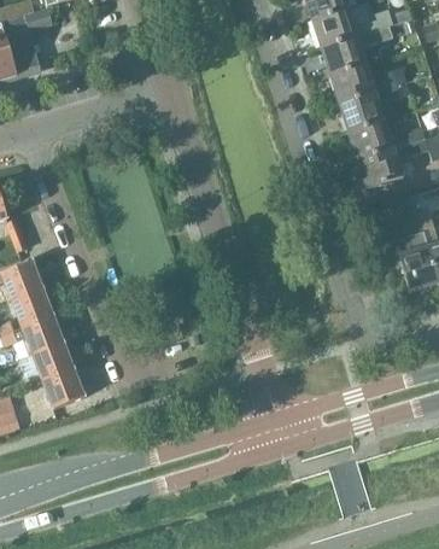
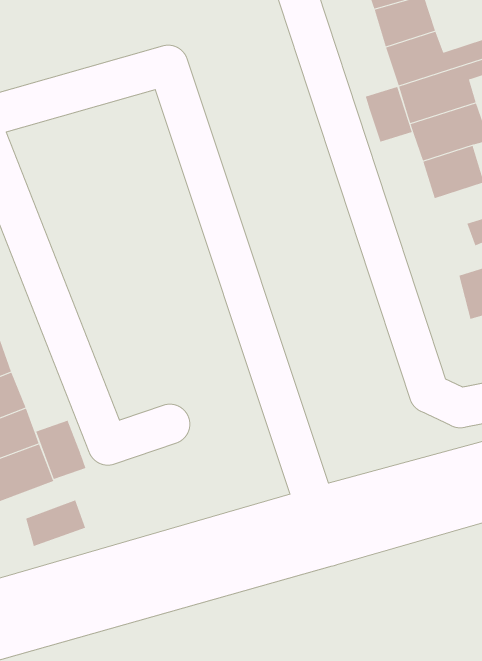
building: none -> [365,86,412,142]
building: none -> [36,420,86,480]
building: none -> [25,499,86,547]

